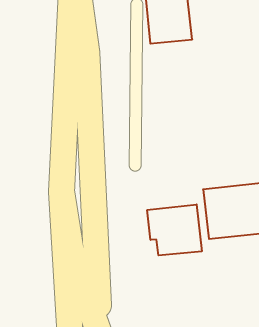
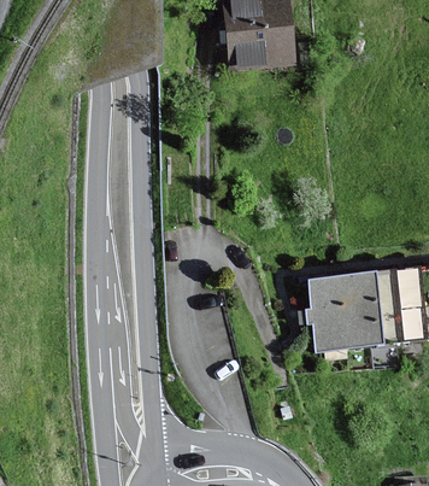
building: [147,204,202,255] -> none

